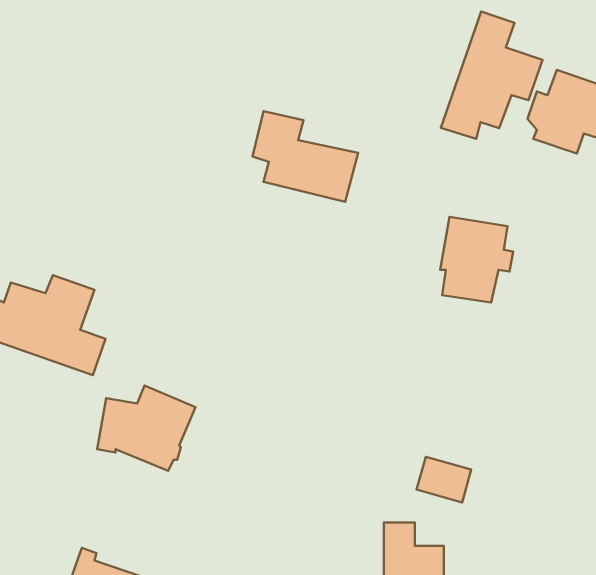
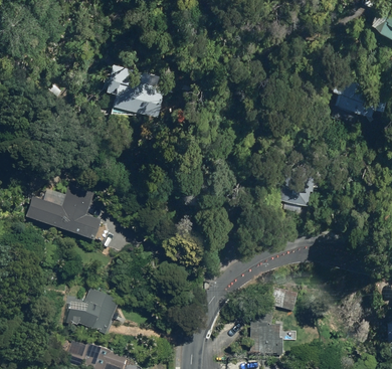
building: [441,11,543,139] -> none
building: [253,111,358,202] -> [108,66,166,117]
building: [97,385,195,471] -> [63,293,118,340]

